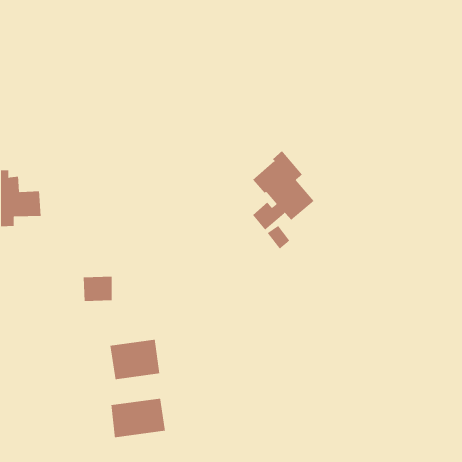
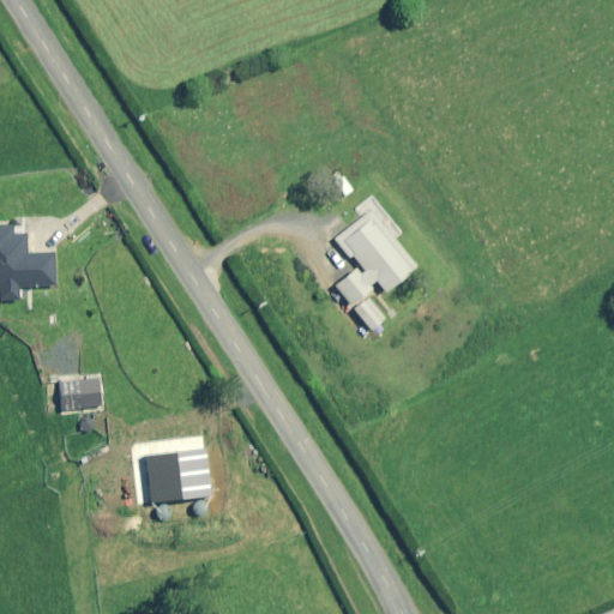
building: [83,276,113,302] -> [60,377,100,410]
building: [111,398,165,438] -> none

